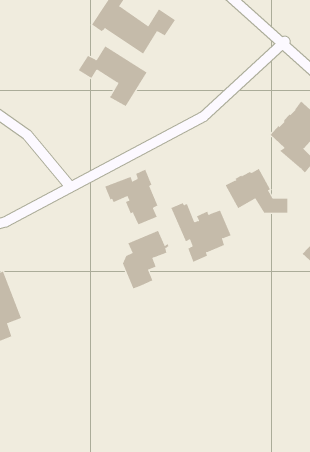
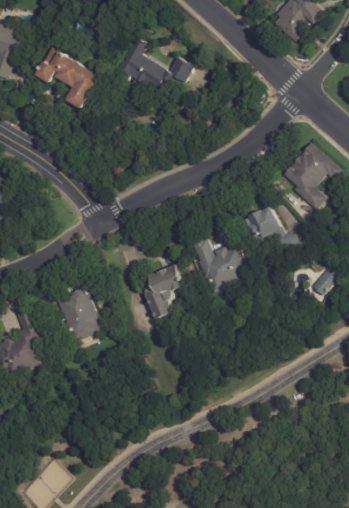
building: [78,46,147,107] -> [36,53,101,110]
building: [104,169,158,225] -> none
building: none -> [53,286,101,339]

